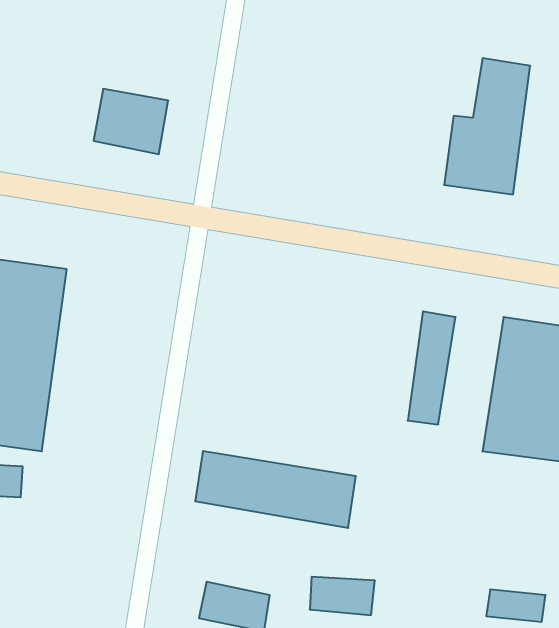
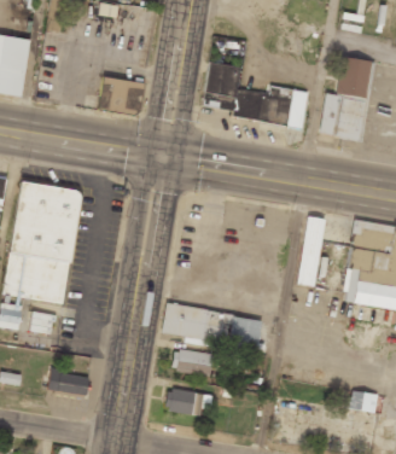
building: none -> [202,63,308,127]
building: none -> [47,371,87,395]
building: [310,577,375,615] -> [171,350,212,374]

